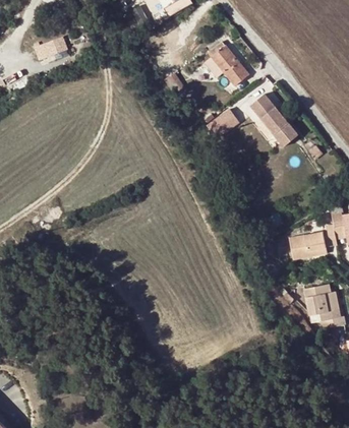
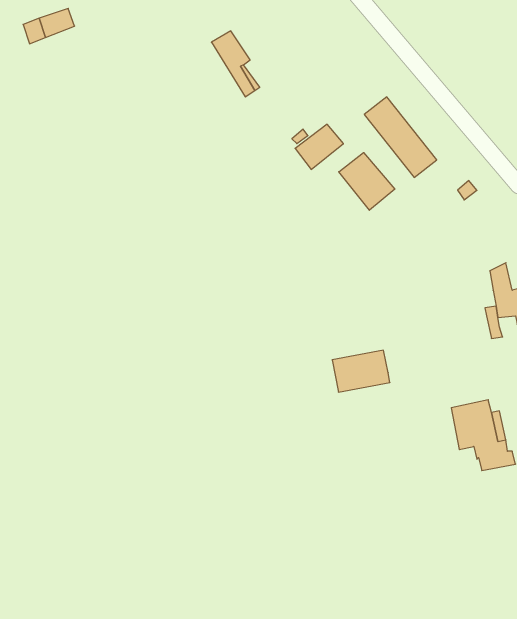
building: [205,42,248,85] -> none
building: none -> [339,153,395,210]
building: [290,233,327,259] -> [332,350,390,392]

